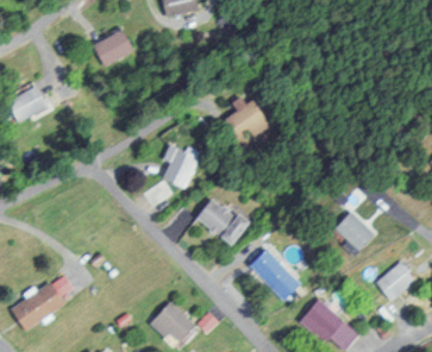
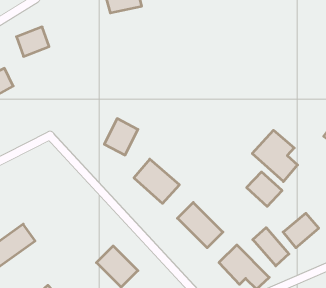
building: [95,30,134,65] -> [16,27,49,56]
building: [224,96,273,147] -> none
building: none -> [252,130,298,182]
building: none -> [253,228,289,266]

